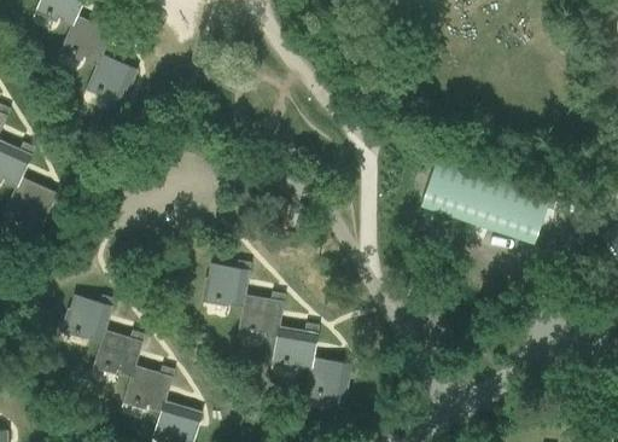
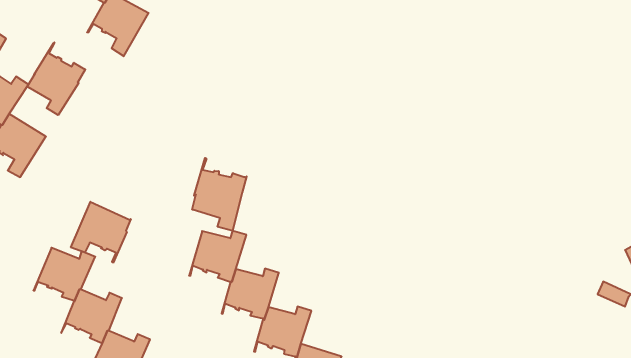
building: none -> [27,42,85,115]
building: [420,156,550,244] -> none
building: none -> [192,158,247,231]
building: none -> [71,202,131,263]

